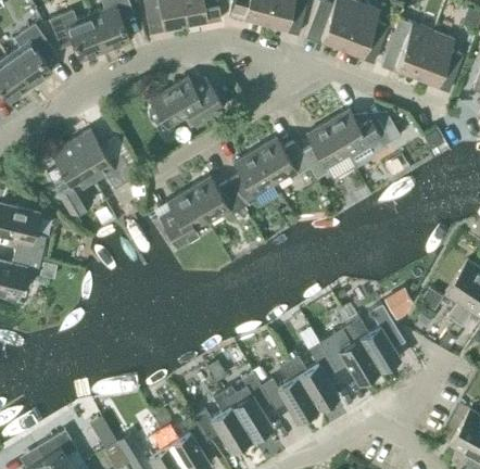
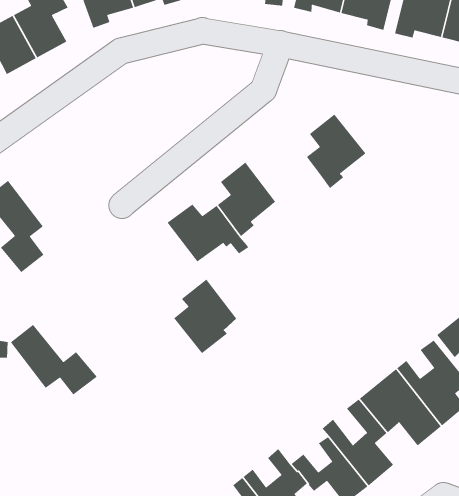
building: [149,76,223,126] -> none
building: [327,107,400,168] -> none
building: [71,128,135,187] -> [10,324,98,395]
building: [254,136,310,182] -> none
building: [159,188,207,245] -> [173,278,237,354]

